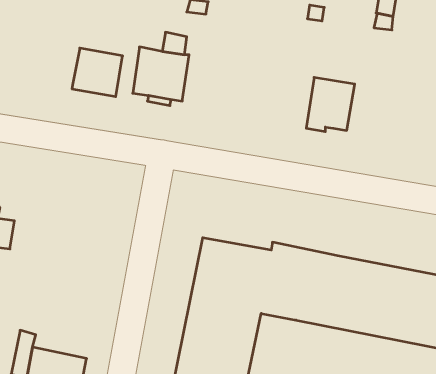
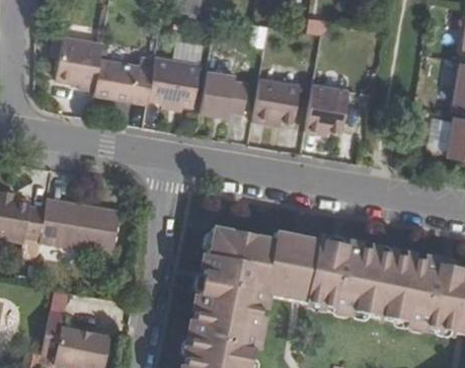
building: none -> [52,35,103,89]
building: none -> [201,69,250,117]
building: none -> [252,77,300,124]
building: none -> [37,199,119,253]

